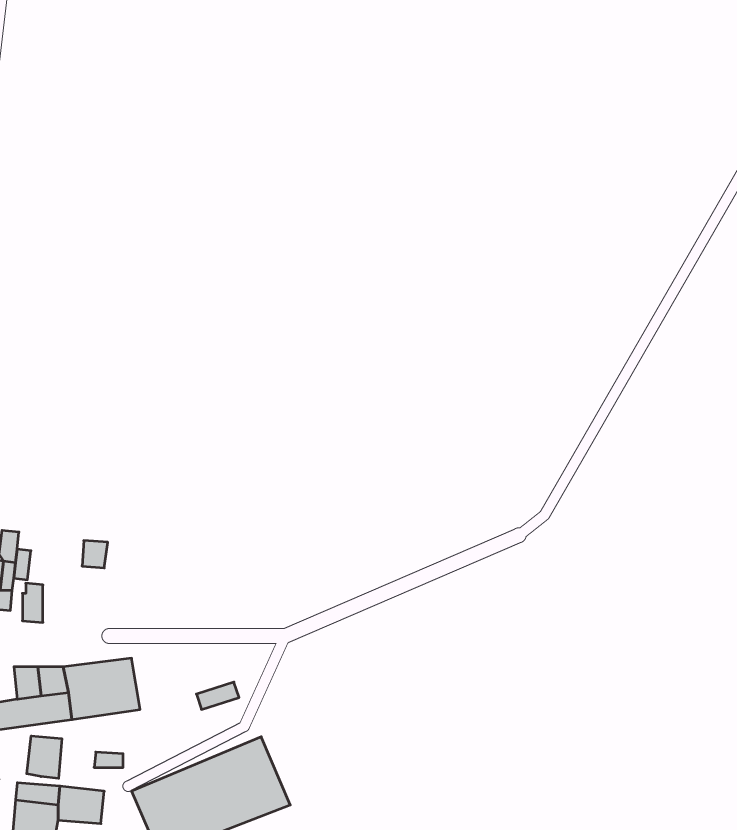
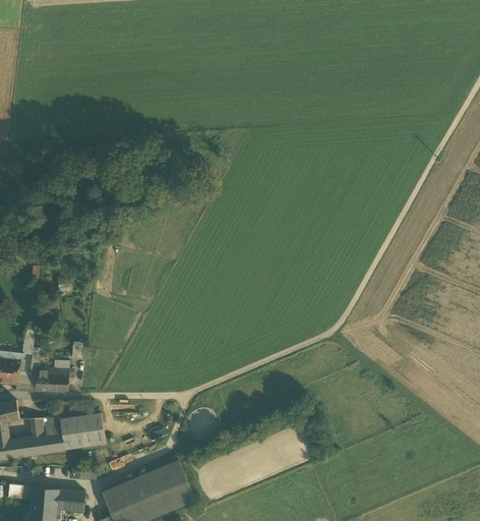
building: none -> [47,369,73,392]
building: [27,736,62,778] -> none

